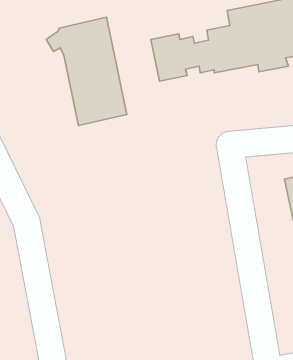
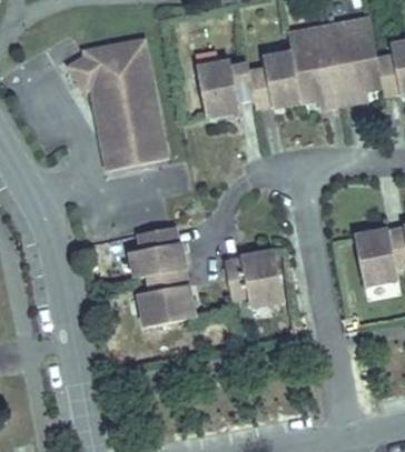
building: none -> [131,218,196,318]
building: none -> [226,240,285,297]

